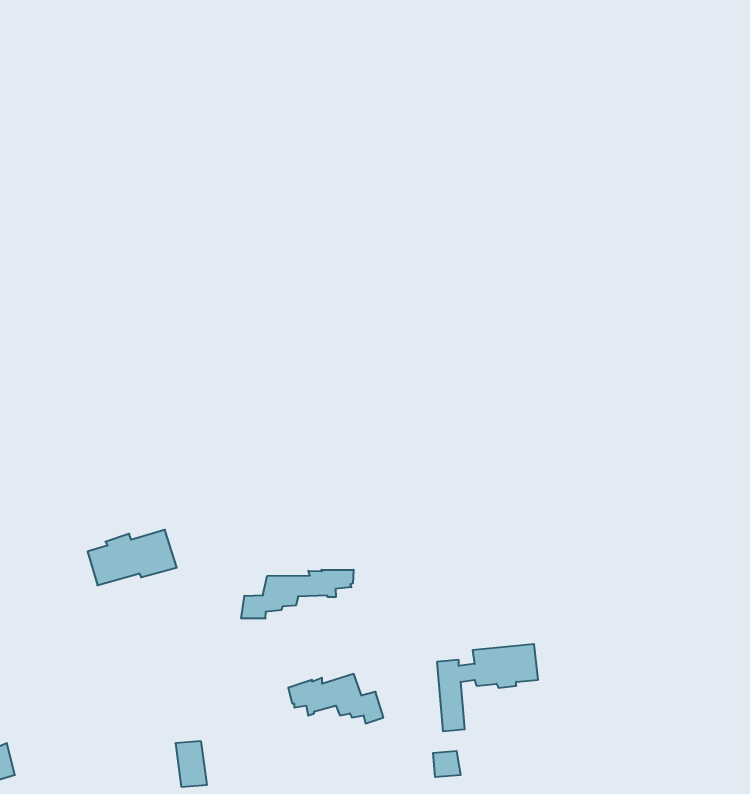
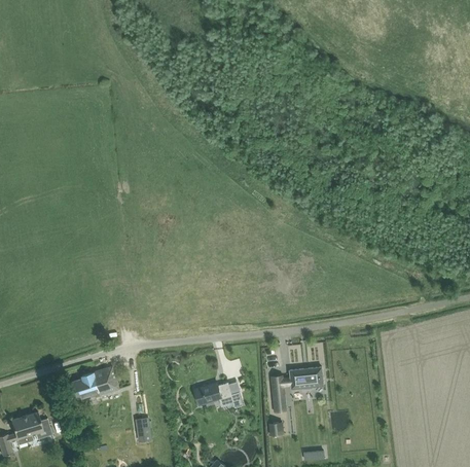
building: [88,530,177,585] -> [72,369,118,398]
building: [241,570,354,619] -> none

